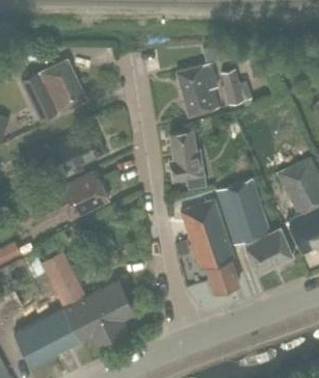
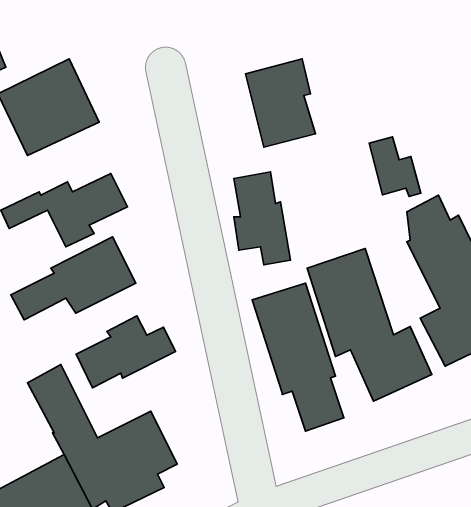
building: [221,70,254,107] -> [369,137,421,196]
building: none -> [76,316,175,388]

